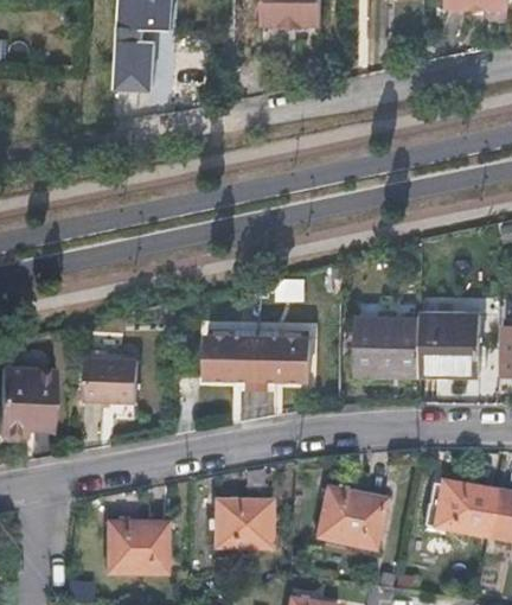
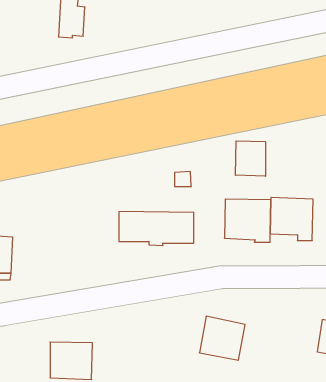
building: none -> [235,141,265,176]
building: [84,357,139,401] -> none
building: [423,479,495,535] -> none
building: [216,498,273,547] -> none

